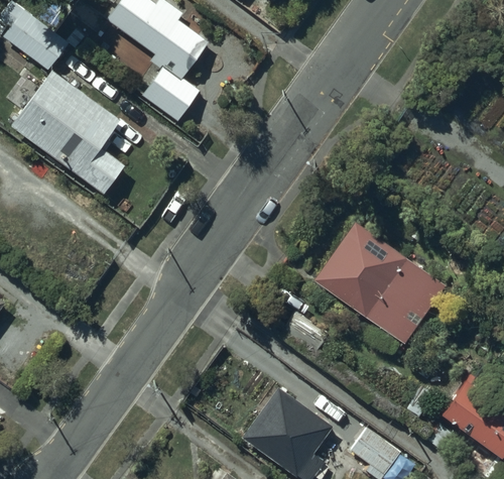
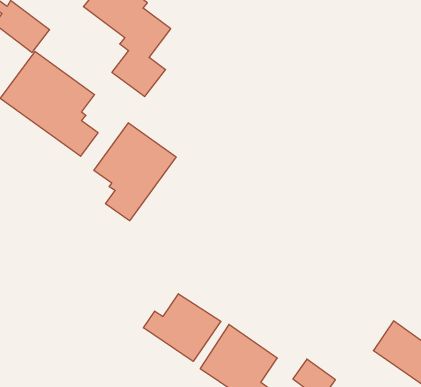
building: none -> [94,123,176,221]
building: [311,221,445,343] -> none
building: none -> [143,294,221,361]

